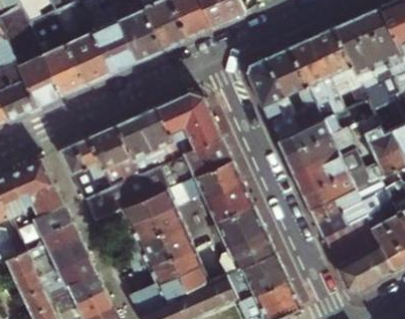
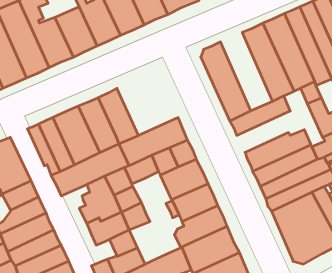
building: [267,47,323,130] -> none
building: [157,92,222,156] -> none
building: [284,126,354,175] -> none
building: [170,248,209,293] -> none

